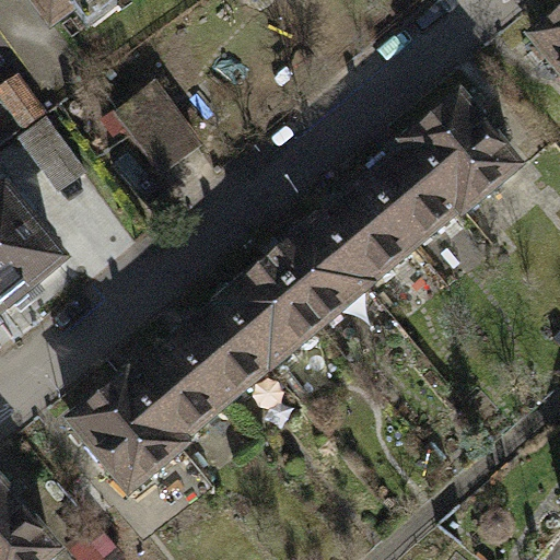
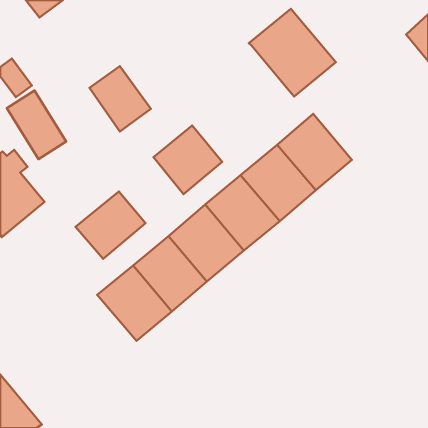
building: [406,101,520,215] -> [249,9,336,97]
building: none -> [153,126,222,194]
building: none -> [76,191,146,259]
building: [71,380,180,492] -> none

